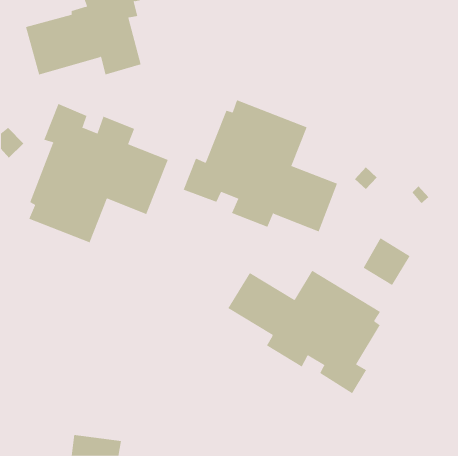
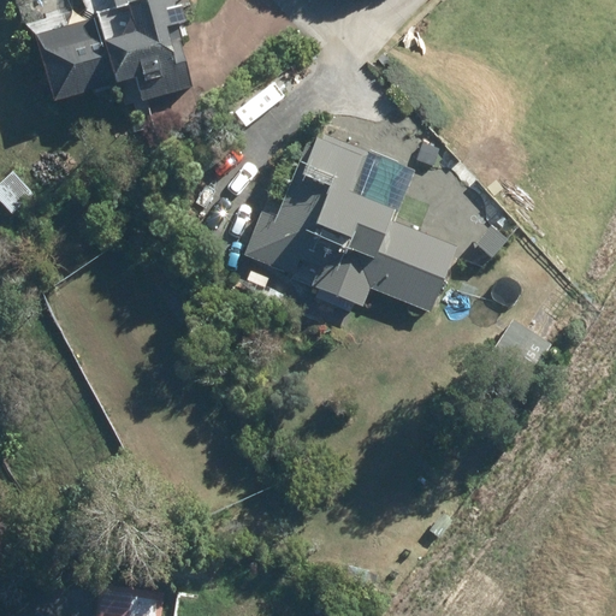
building: [28,103,168,243] -> none
building: [228,270,381,394] -> none

